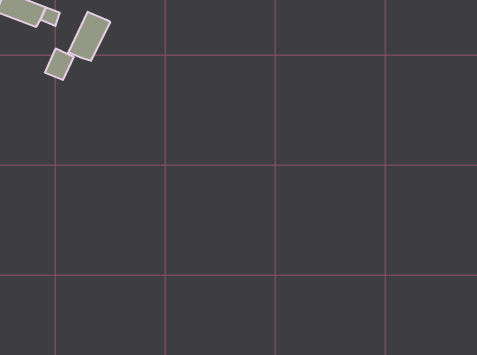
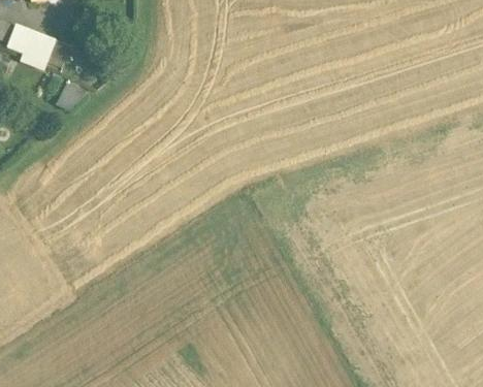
building: [68,12,110,61] -> none

